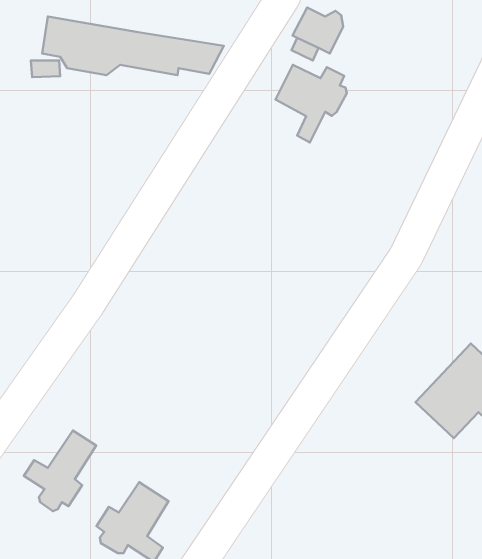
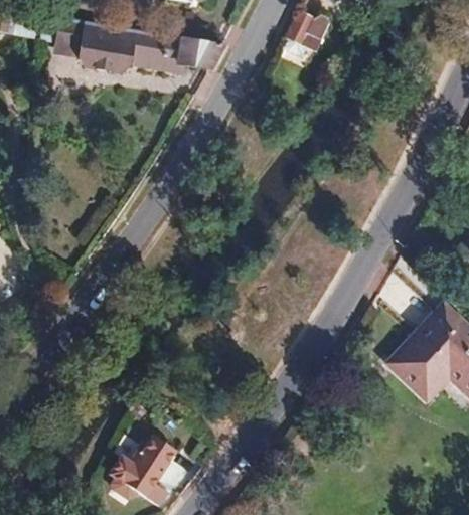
building: [276,65,347,142] -> none
building: [24,430,96,511] -> none

